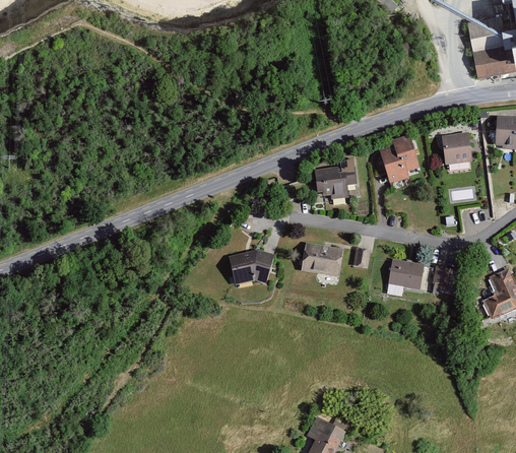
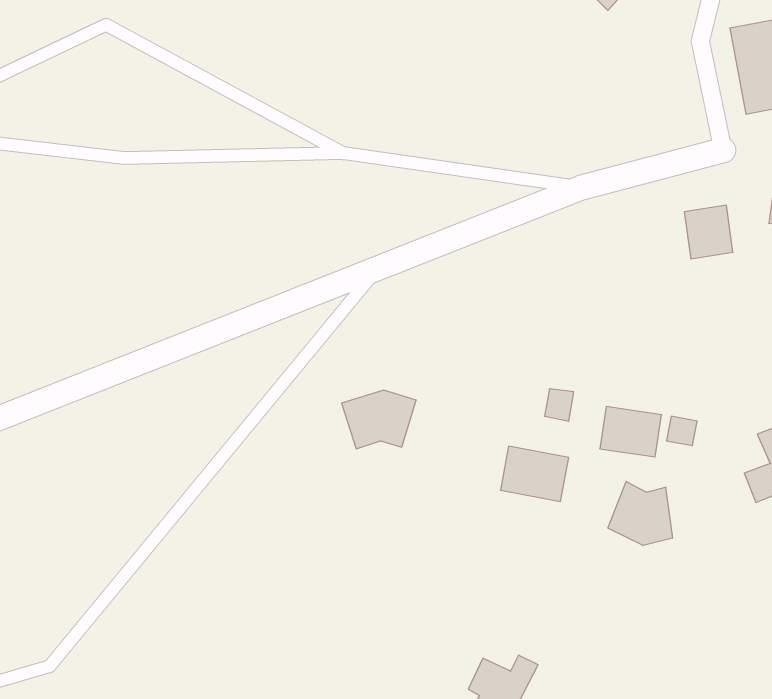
building: [379,136,421,184] -> none
building: [313,166,356,199] -> none
building: [301,242,343,276] -> [500,446,569,501]
building: none -> [608,481,672,546]

